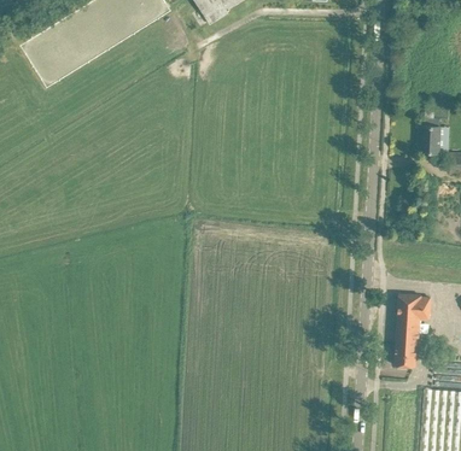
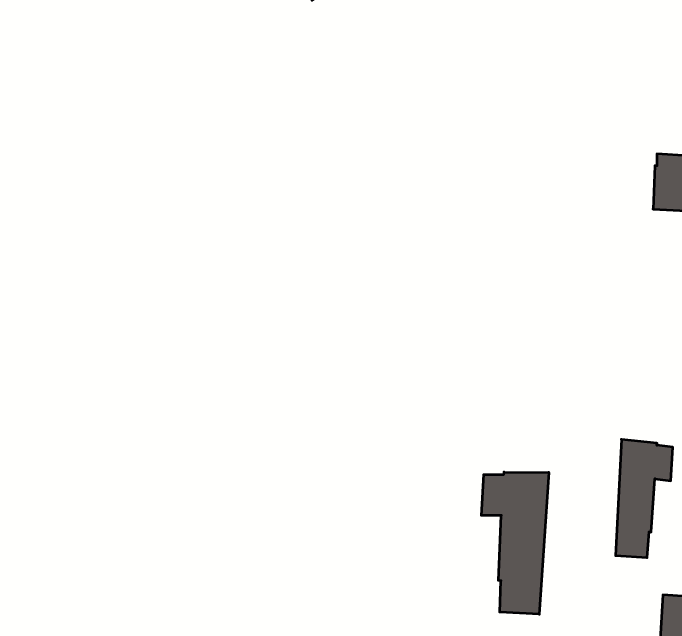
building: none -> [481,472,549,614]

